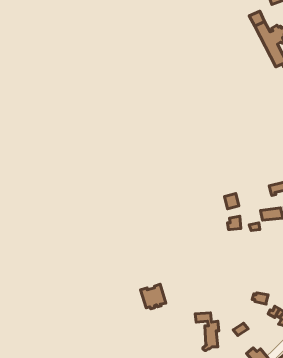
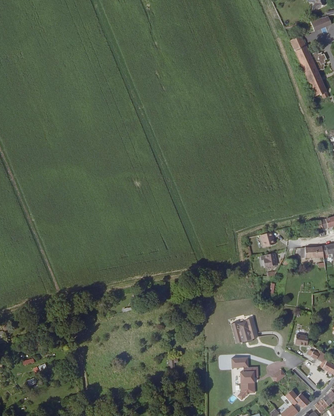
building: [140,284,166,309] -> [230,316,257,342]

